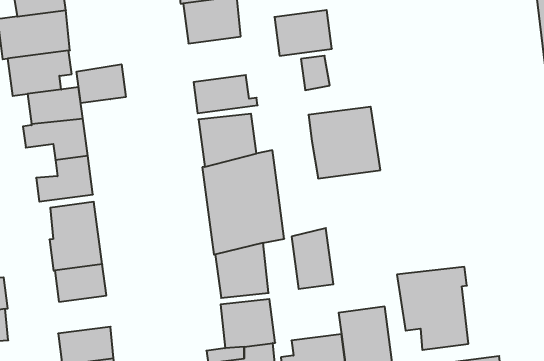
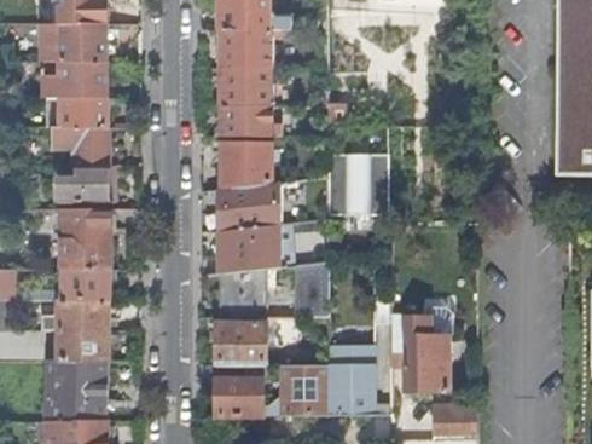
building: [274,10,332,56] -> [220,68,271,105]
building: [77,64,126,103] -> none
building: none -> [42,298,110,328]

